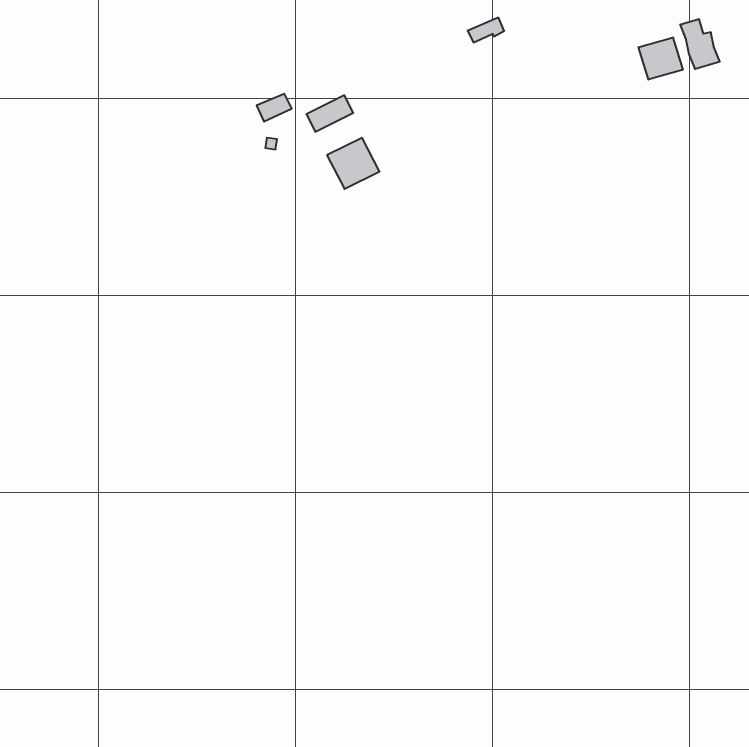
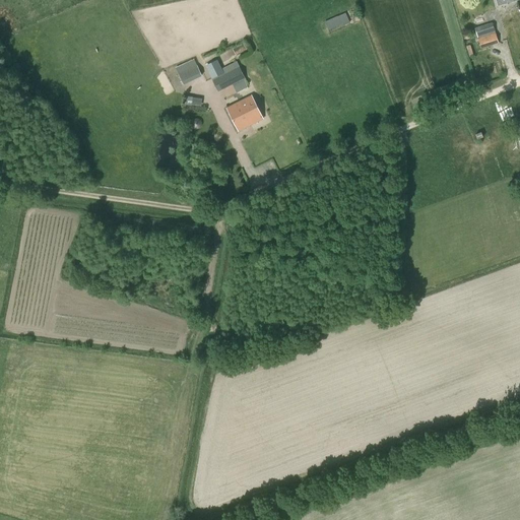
building: [639,37,683,80] -> none

